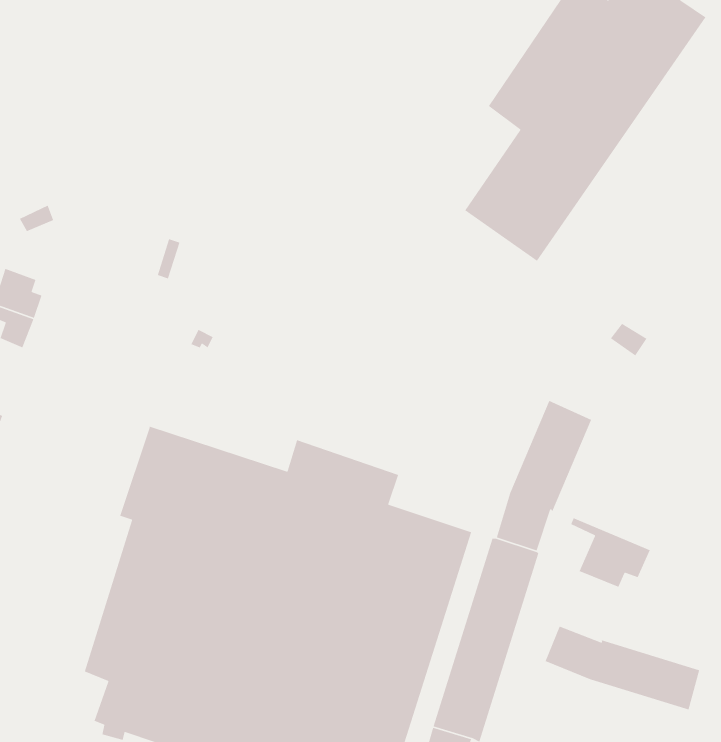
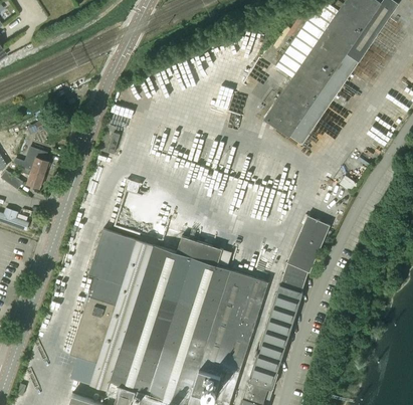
building: [570,517,651,588] -> none
building: [544,626,700,710] -> none

